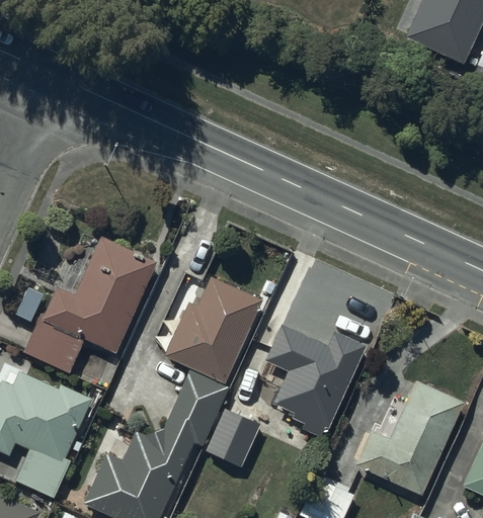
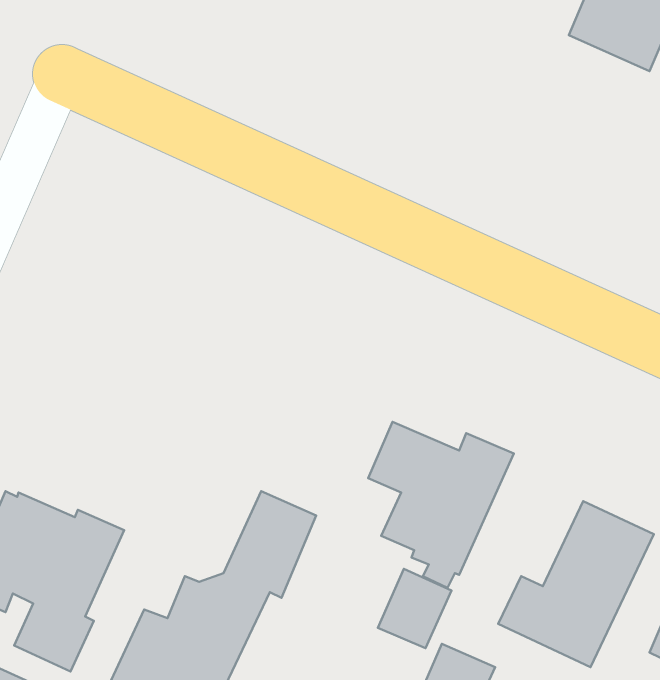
building: [23,236,158,373] -> none
building: [165,277,263,383] -> none
building: [208,411,259,466] -> [378,569,452,648]

